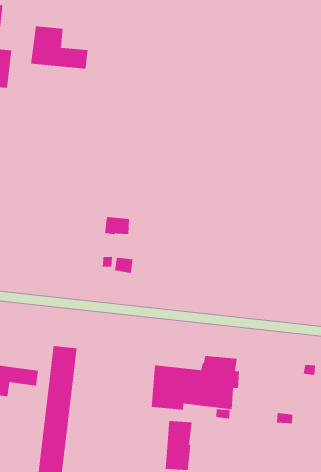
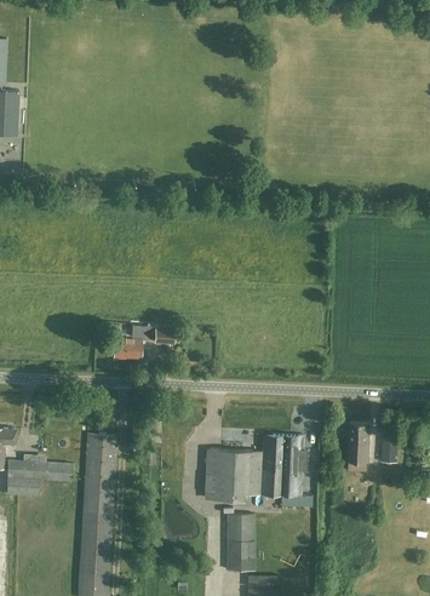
building: [31,26,88,70] -> none
building: [104,217,130,235] -> [113,339,142,360]
building: none -> [348,423,369,463]

